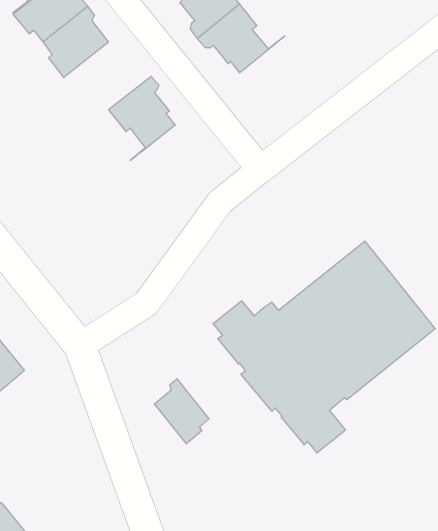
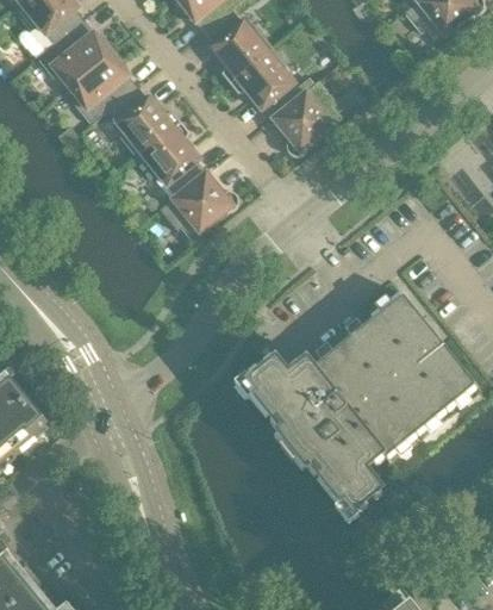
building: none -> [270,79,339,155]
building: none -> [88,85,179,155]
building: none -> [157,170,237,237]
building: [154,379,209,444] -> none

